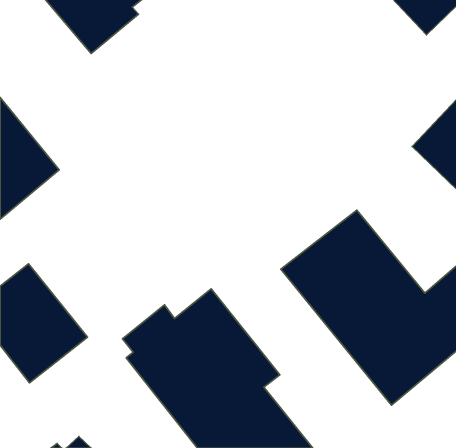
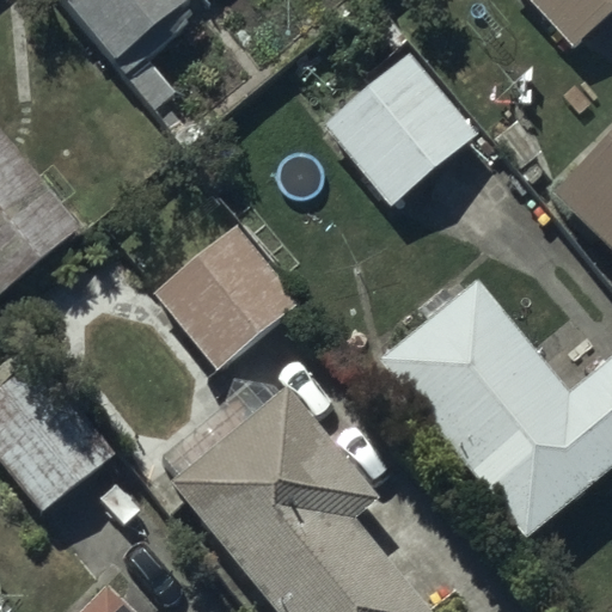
building: none -> [324,54,477,206]
building: none -> [154,224,300,369]

